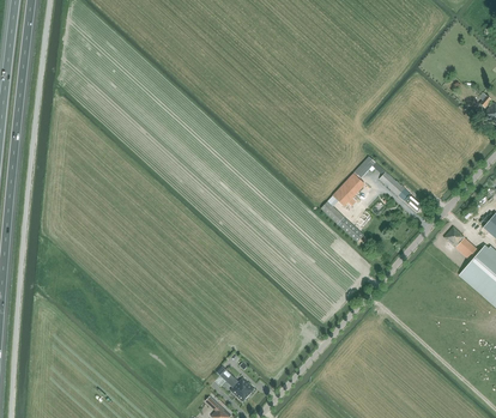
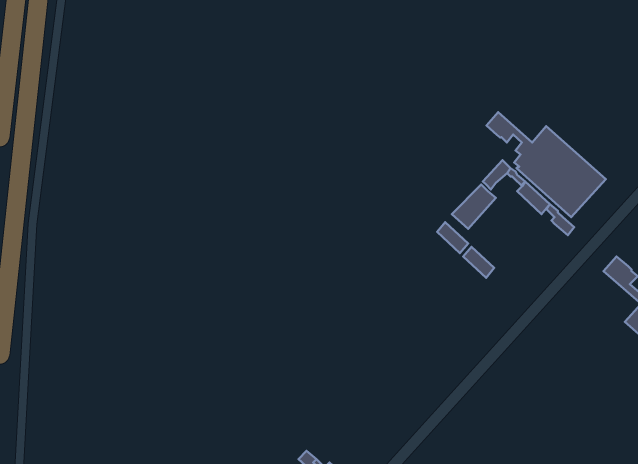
building: none -> [487,112,606,217]

